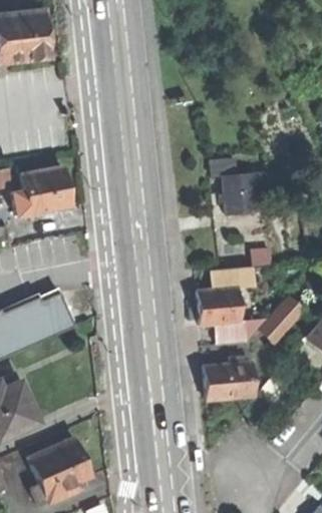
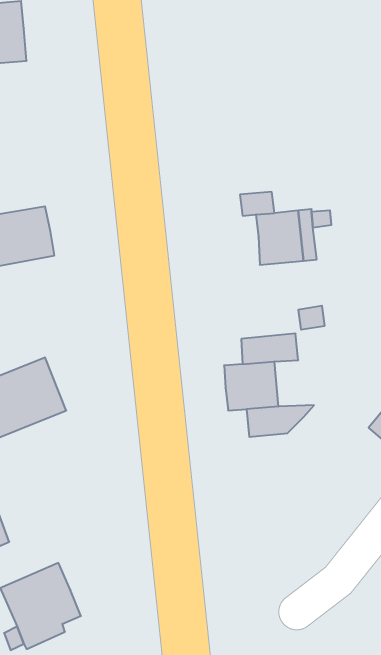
building: [260,296,305,342] -> none
building: [206,361,256,400] -> none

